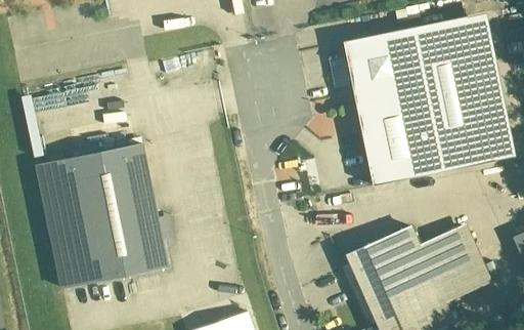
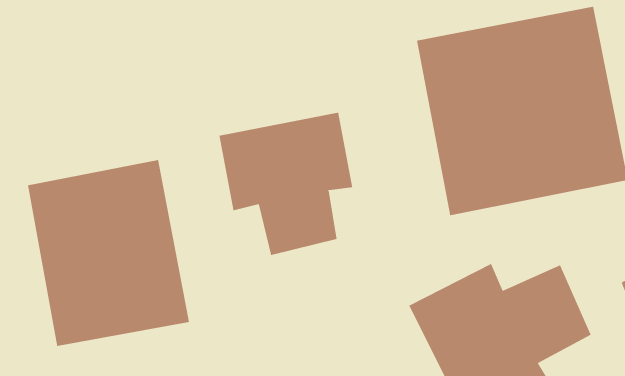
building: none -> [219,112,353,256]

